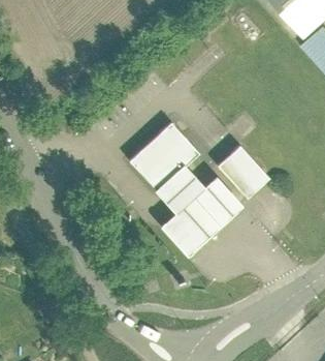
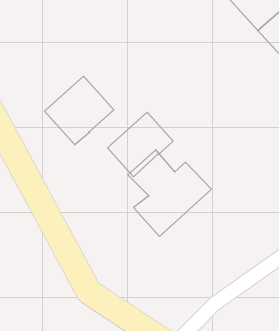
building: none -> [45,76,114,145]
building: [221,147,272,200] -> none

